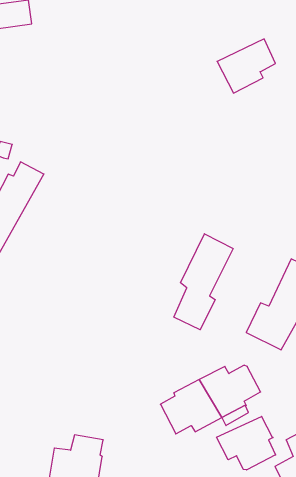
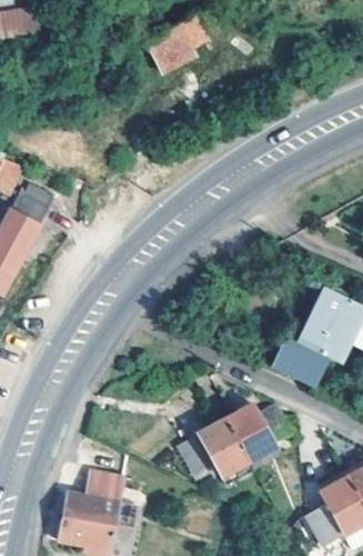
building: [217,39,275,93] -> [145,17,209,76]
building: [174,234,233,330] -> none
building: [217,416,276,470] -> none

